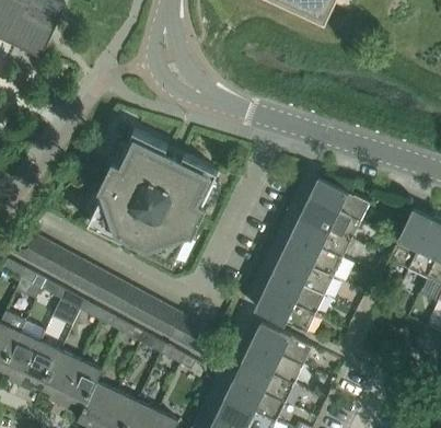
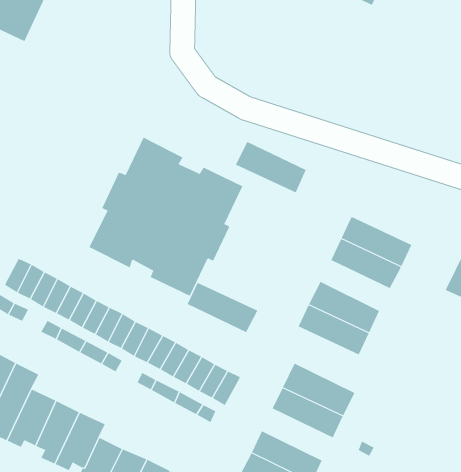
building: [309,178,369,222] -> [235,141,307,193]
building: [282,235,341,278] -> none
building: [255,291,315,334] -> [187,282,258,333]
building: [233,360,293,404] -> none

